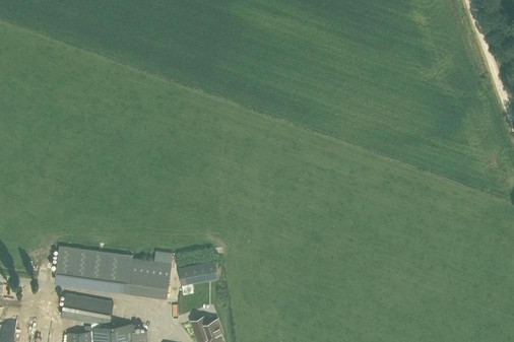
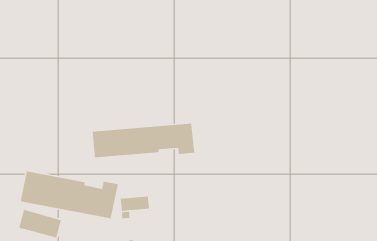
building: none -> [92,123,195,158]

